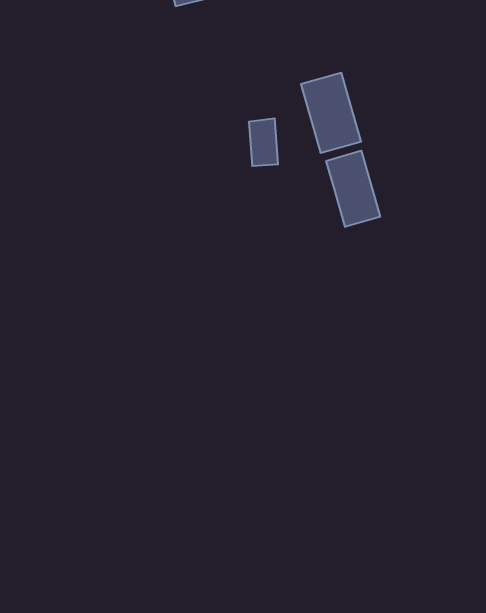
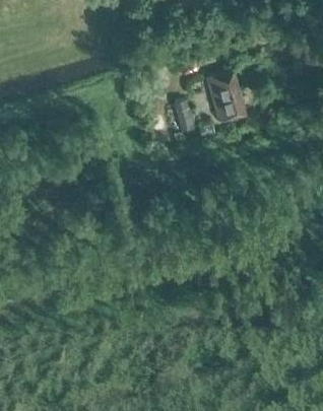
building: [326,151,380,227] -> none

